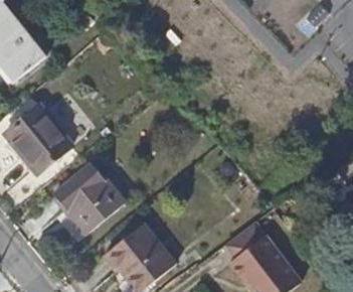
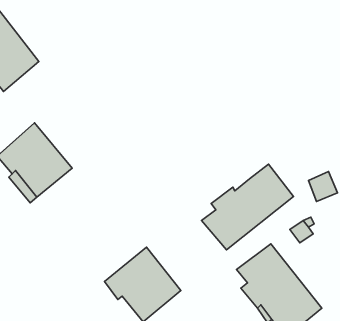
building: none -> [202,164,293,250]
building: [57,170,125,239] -> none

